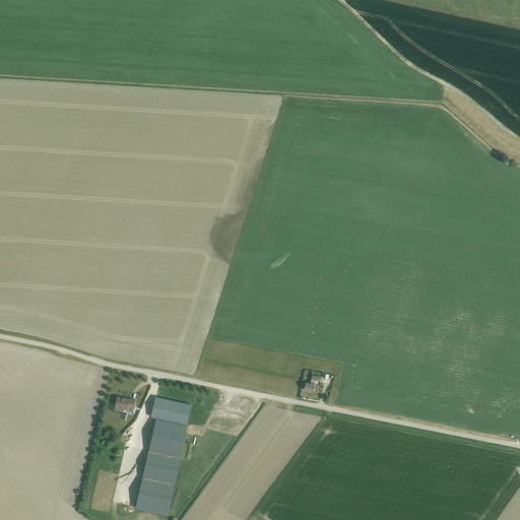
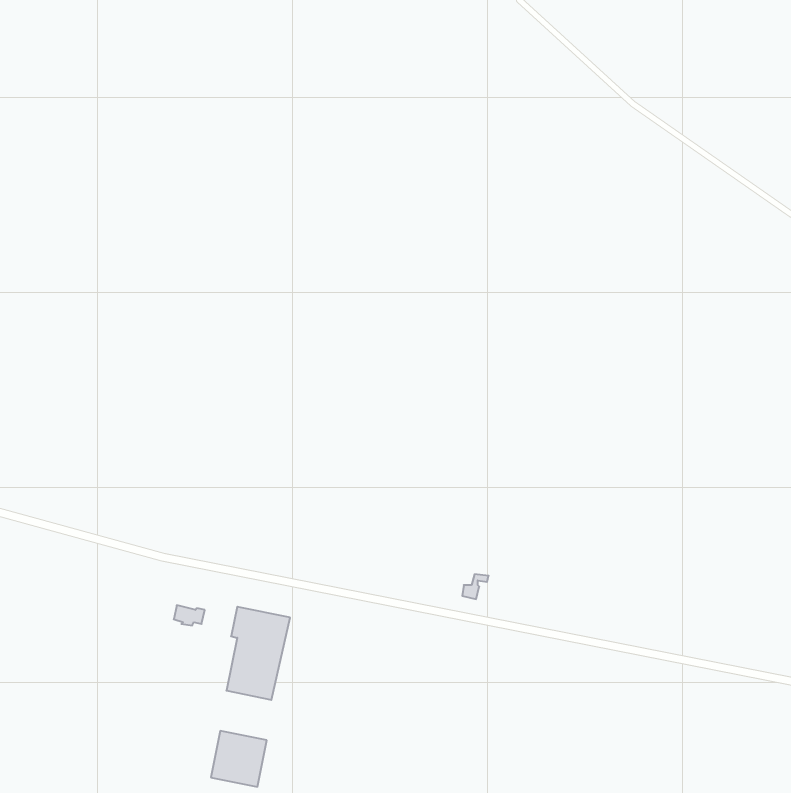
building: [142,453,178,482] -> none

